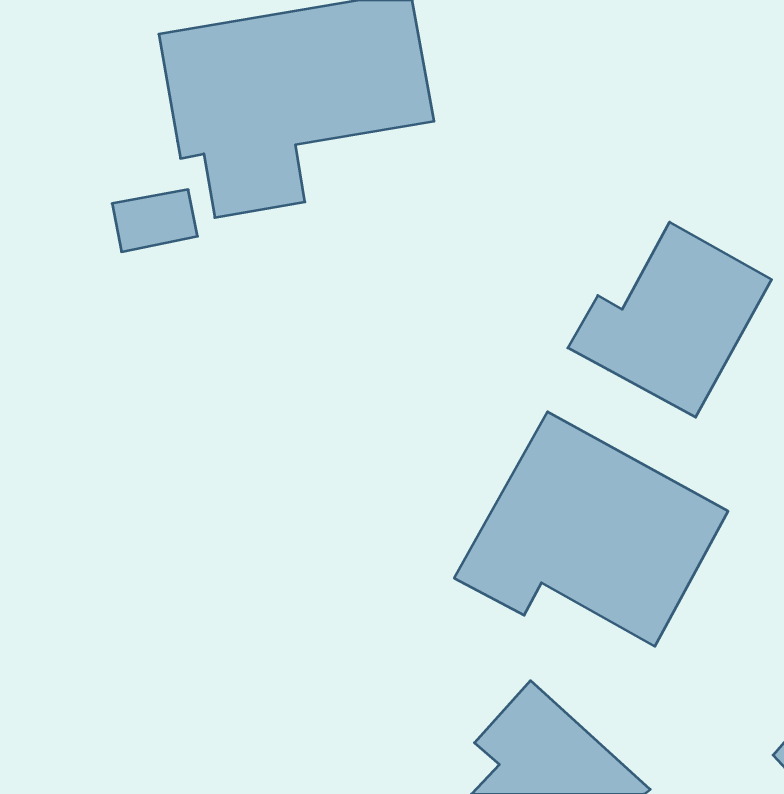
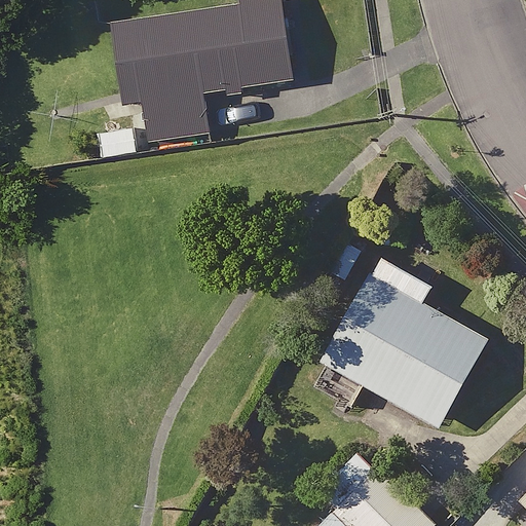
building: [568,222,772,417] -> none

